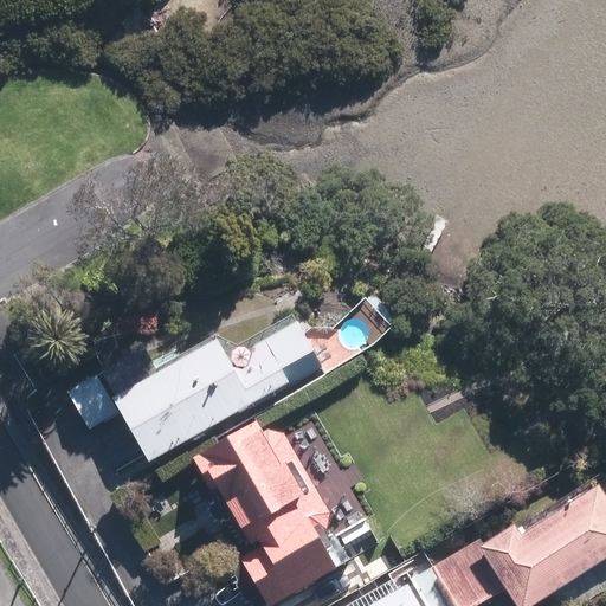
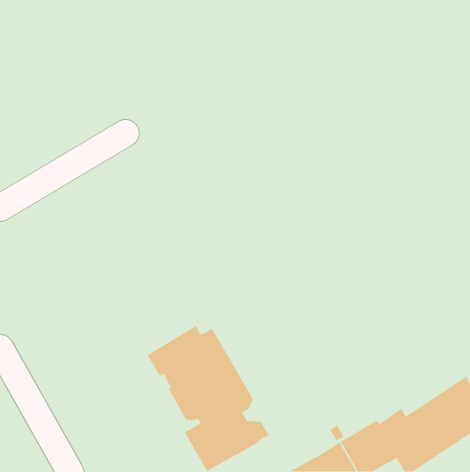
building: [70,318,325,462] -> none

